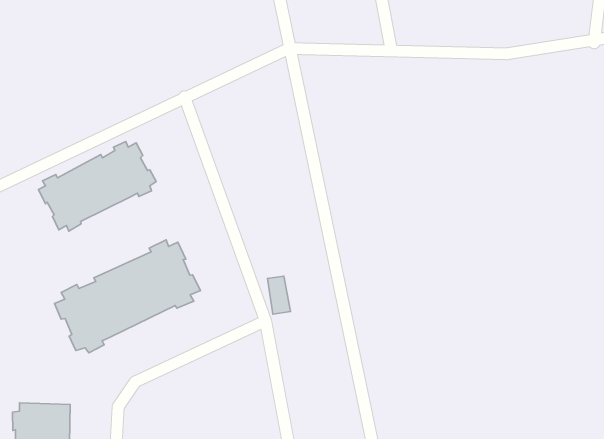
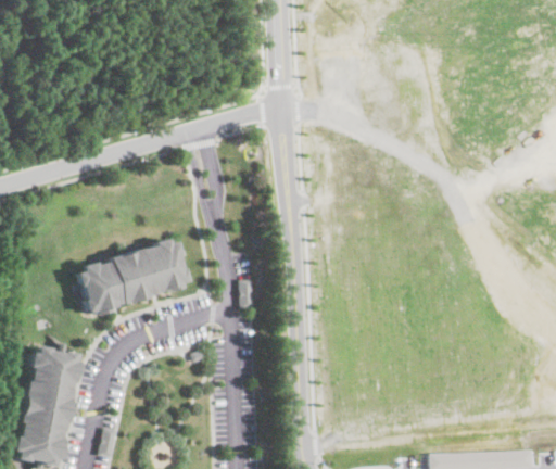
building: [39,141,156,231] -> none

